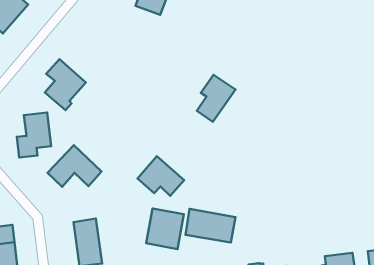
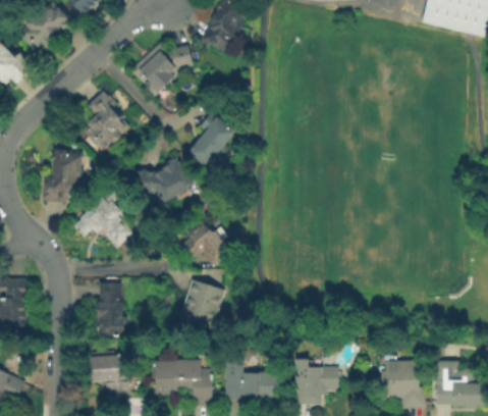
building: none -> [127,41,195,99]
building: [197,75,235,122] -> [187,112,235,167]
building: none -> [129,155,198,207]
building: [185,209,236,242] -> none

